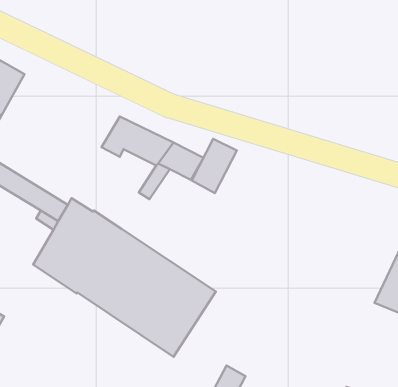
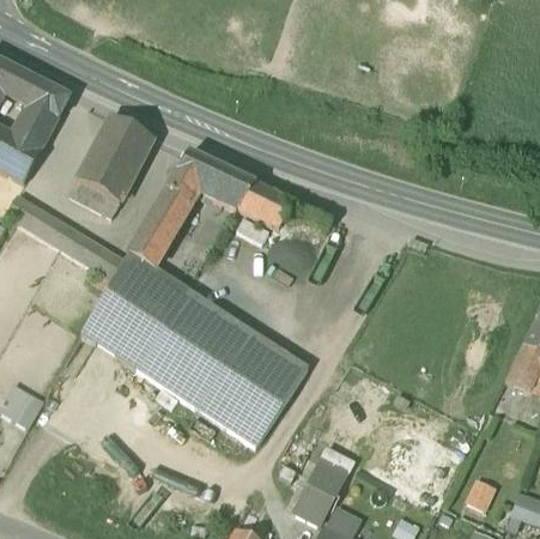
building: none -> [62,110,156,219]
building: [191,139,237,193] -> none
building: none -> [129,187,194,267]

